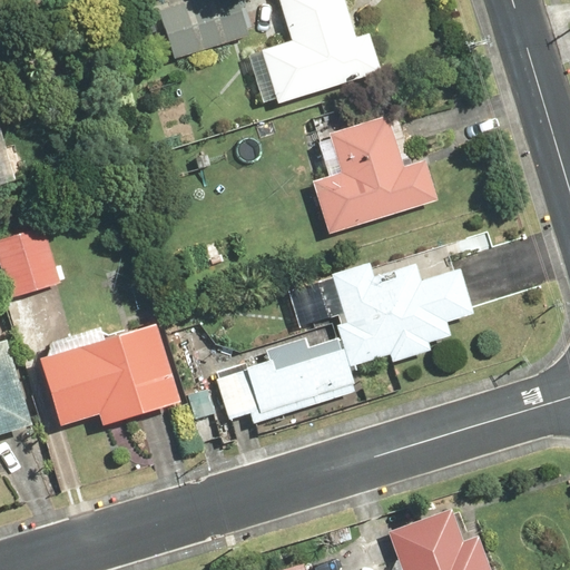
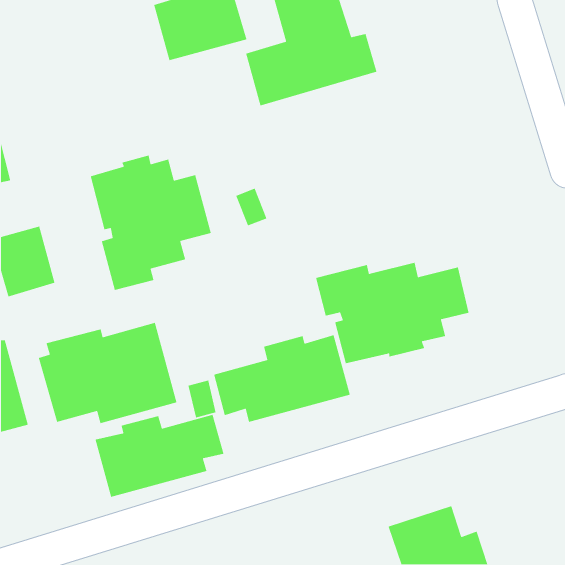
building: [313,111,436,234] -> none
building: none -> [90,155,212,291]
building: none -> [95,414,224,498]

